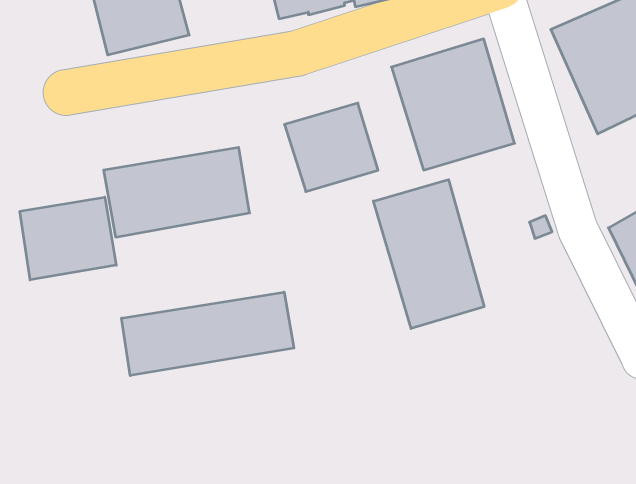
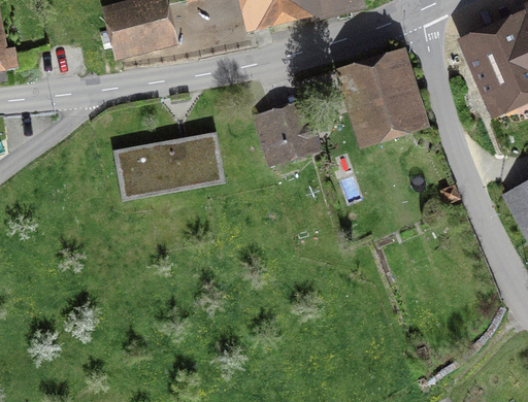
building: [373,180,484,329] -> none
building: [20,197,116,280] -> none
building: [122,292,294,376] -> none

